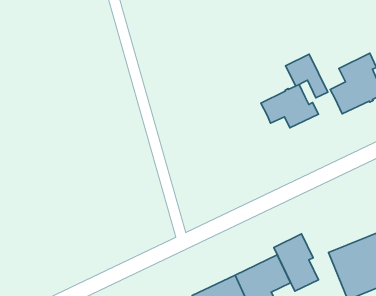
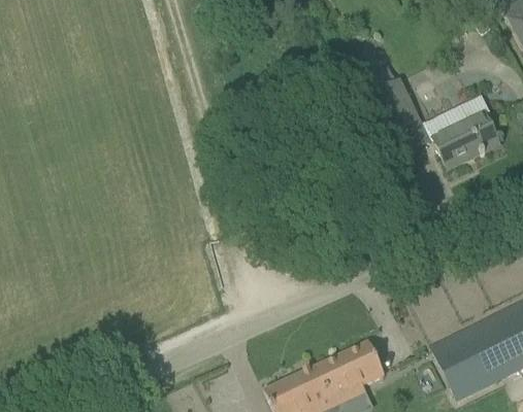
building: [261,84,318,128] -> none
building: [274,234,318,291] -> none

